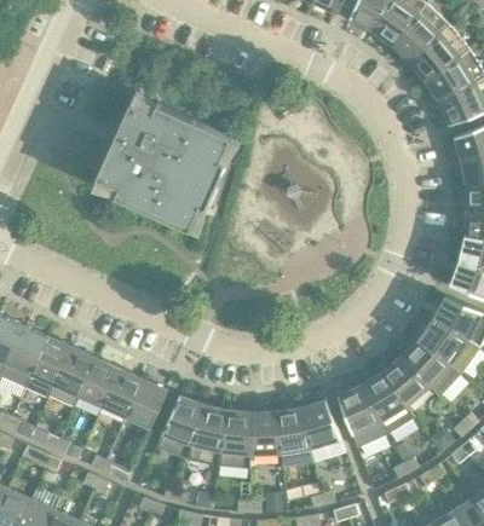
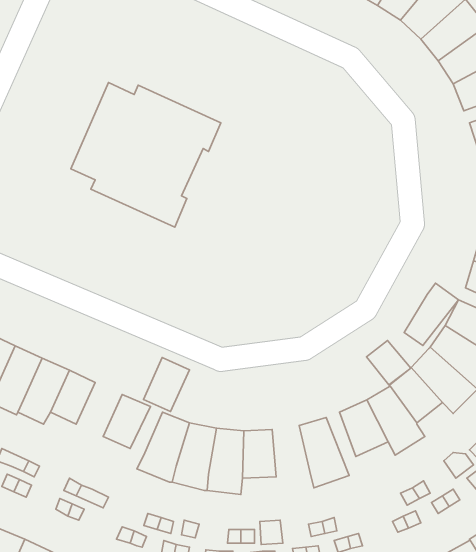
building: none -> [404,283,459,346]
building: none -> [367,340,411,385]
building: [102,368,143,416] -> [143,358,189,412]
building: [277,406,315,467] -> none

